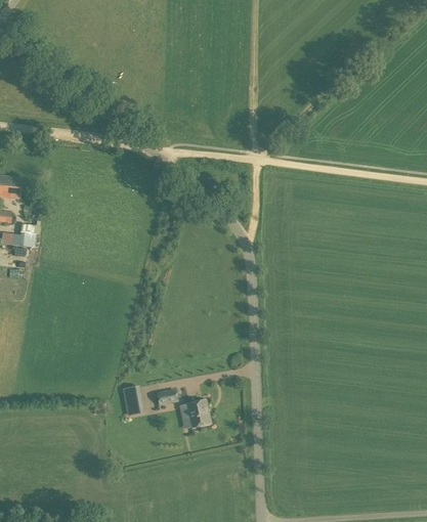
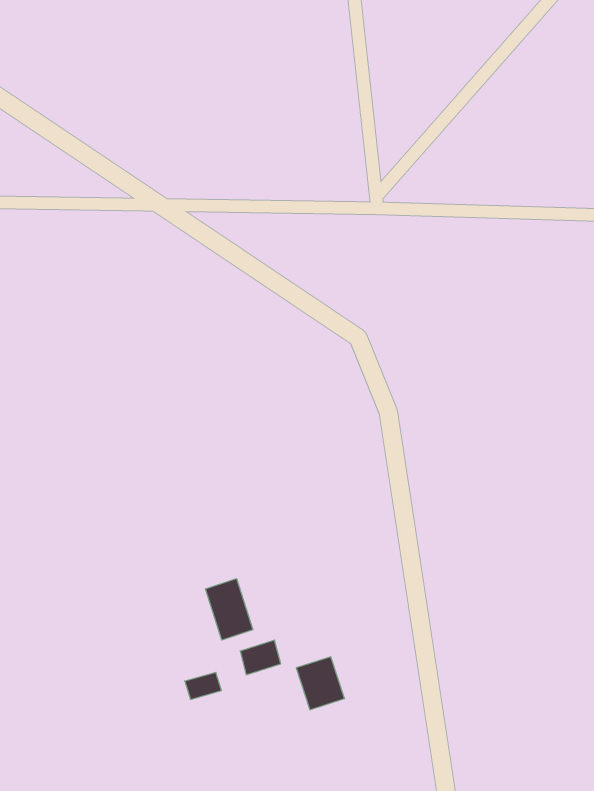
building: none -> [205,579,253,640]

